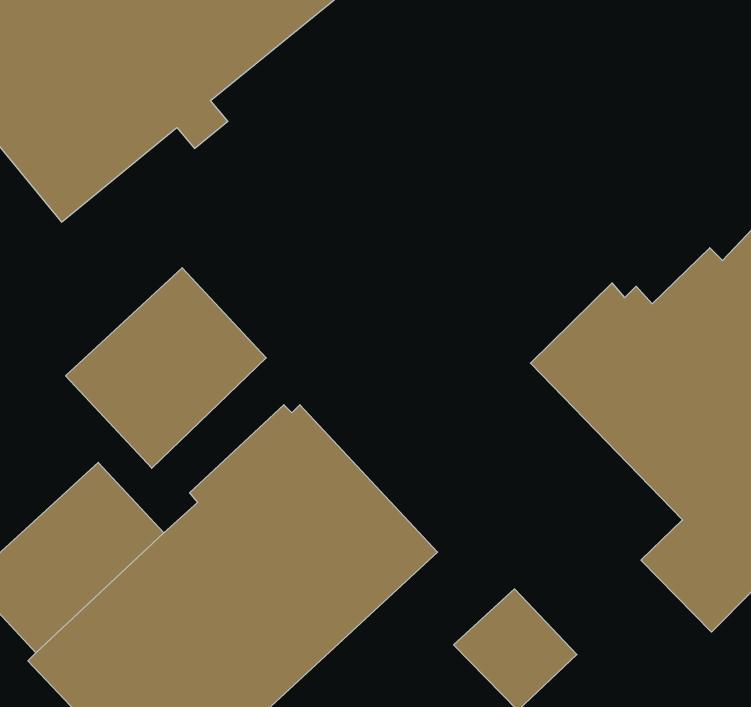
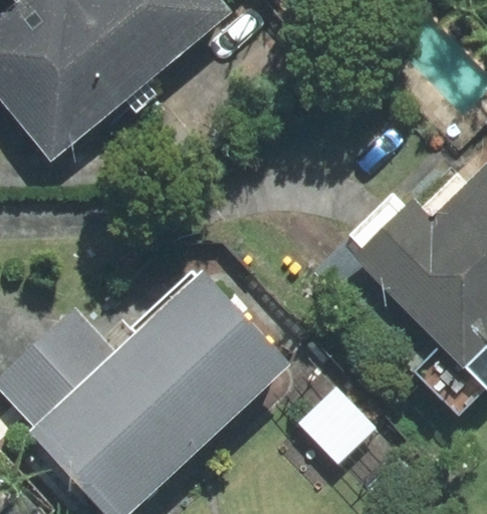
building: [66,268,266,468] -> none

